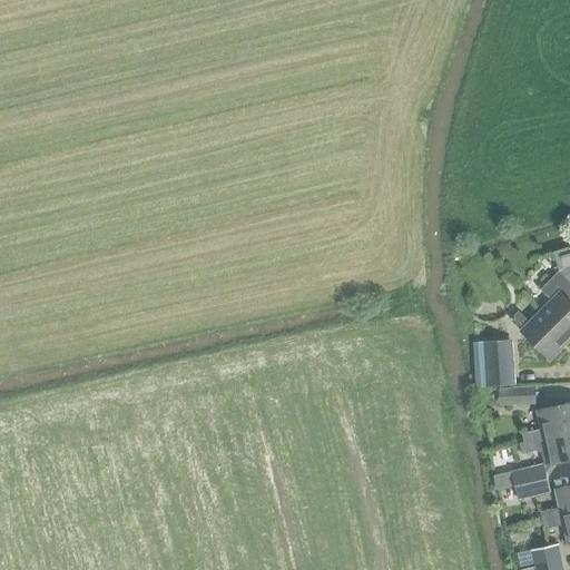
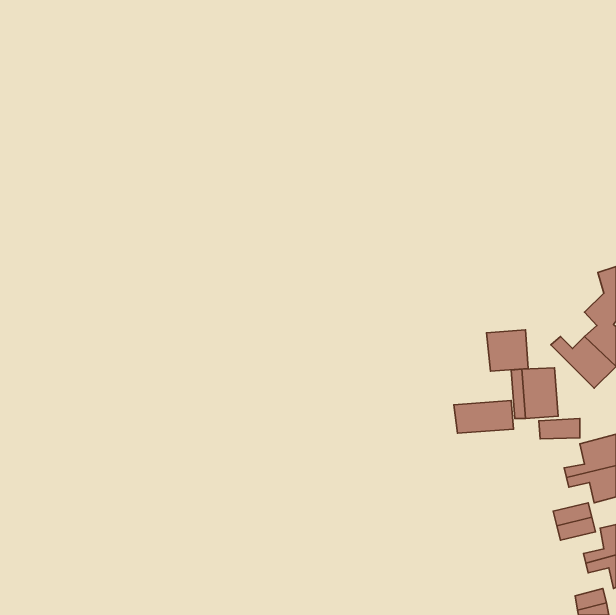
building: none -> [487,330,528,371]
building: none -> [454,401,513,433]

